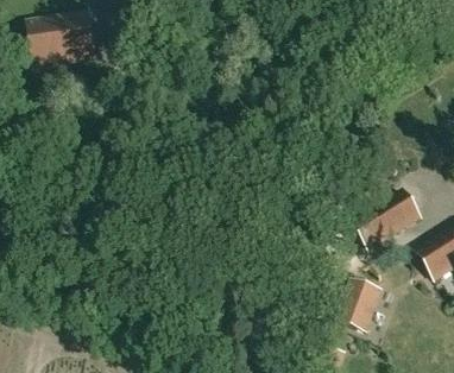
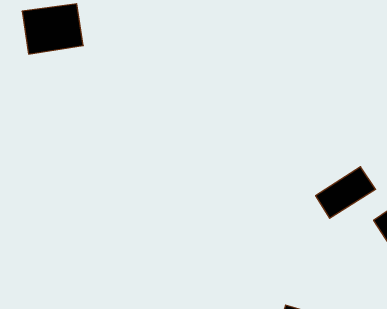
building: [335,278,384,334] -> none

